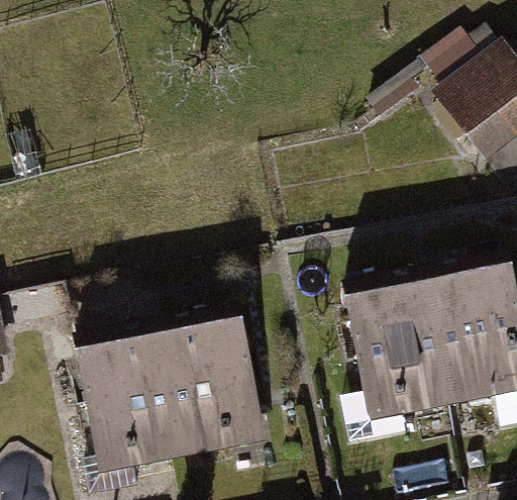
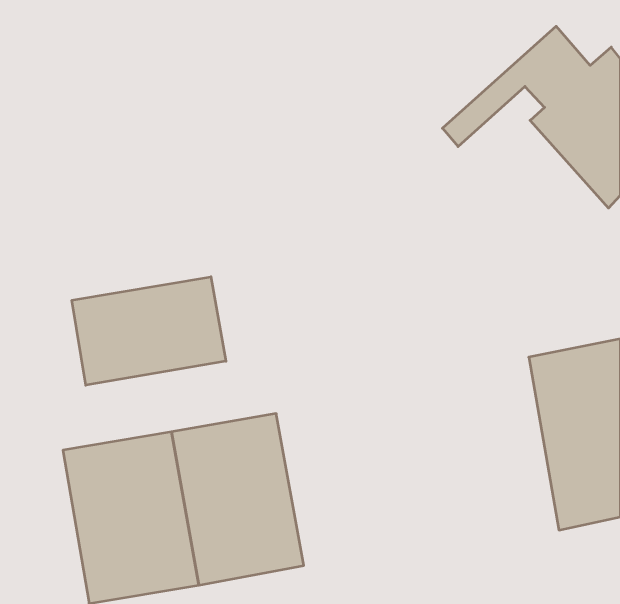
building: none -> [72,277,226,385]
building: [352,277,460,425] -> none

